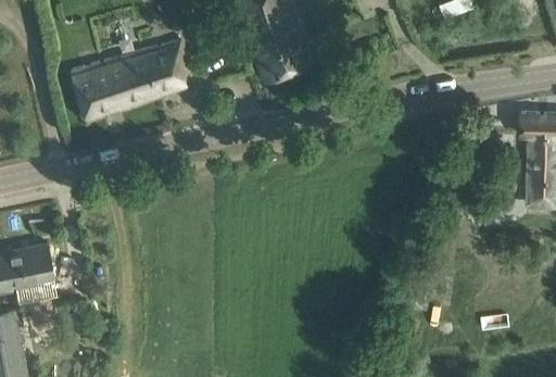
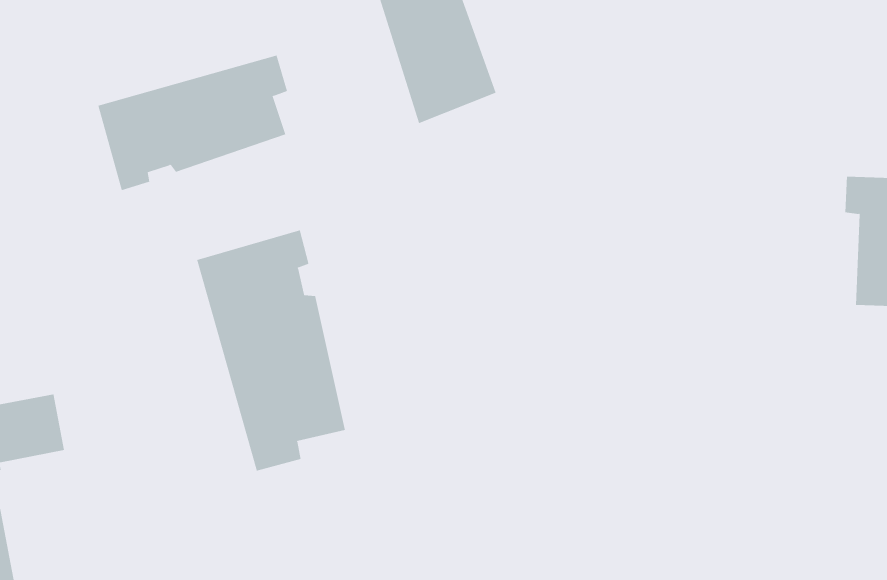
building: none -> [197,229,345,472]

